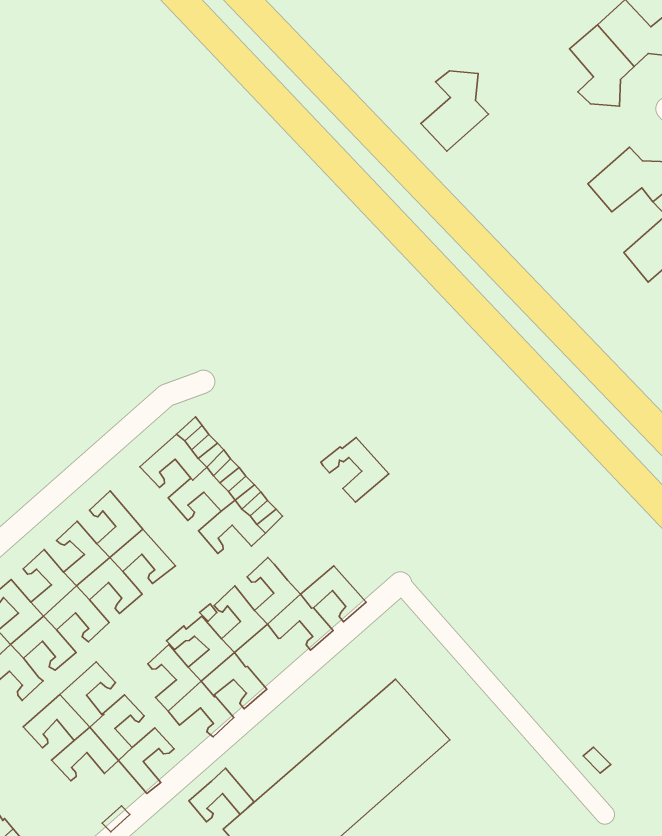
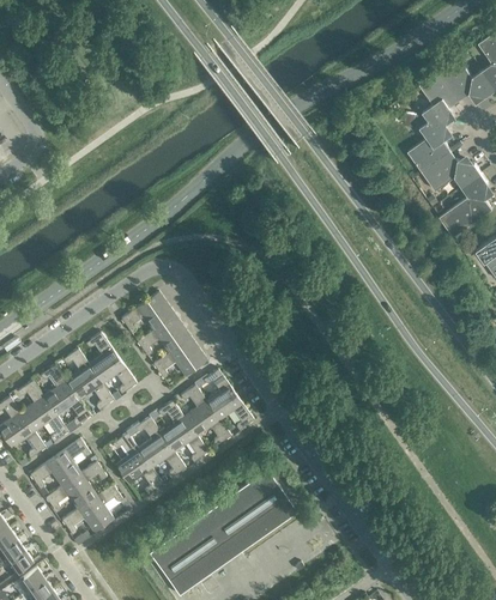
building: [421,71,488,151] -> [407,122,450,172]
building: [321,437,389,502] -> [194,370,236,411]
building: none -> [168,428,208,462]
building: [189,768,254,822] -> [62,503,103,535]

